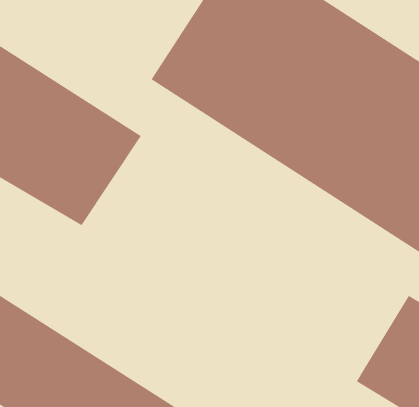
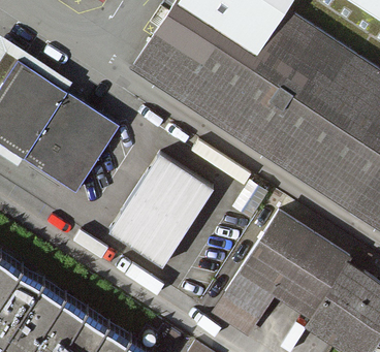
building: none -> [112,151,220,267]
building: none -> [213,210,351,337]

